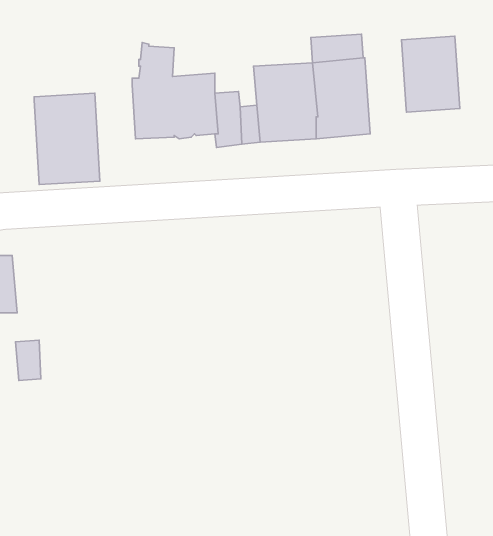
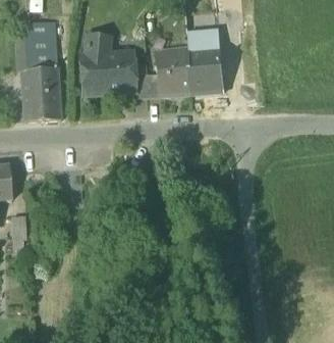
building: none -> [16,19,58,69]
building: [402,36,460,112] -> none

